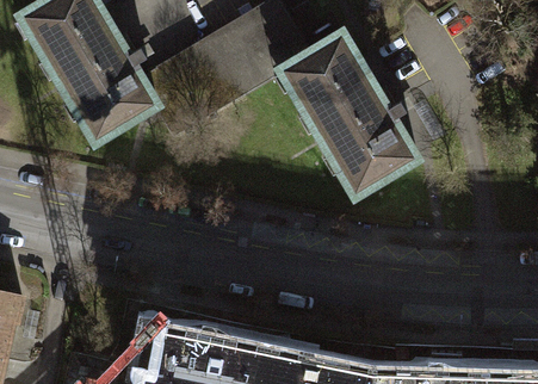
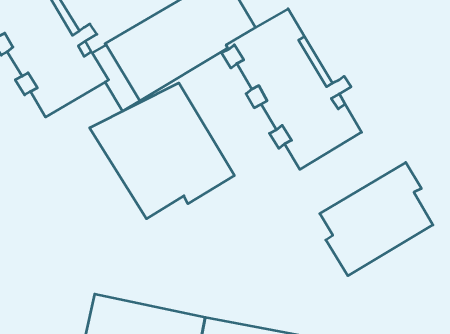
building: none -> [90,83,234,219]
building: none -> [320,162,433,276]

